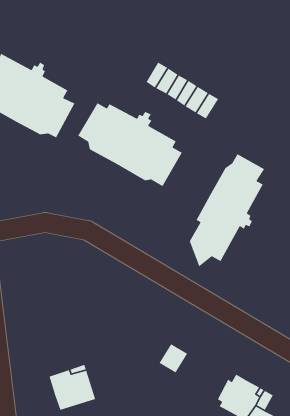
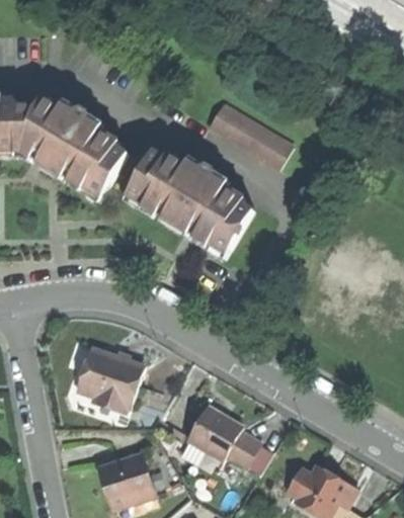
building: [189,153,265,267] -> none
building: none -> [75,348,142,408]
building: none -> [185,406,239,458]

